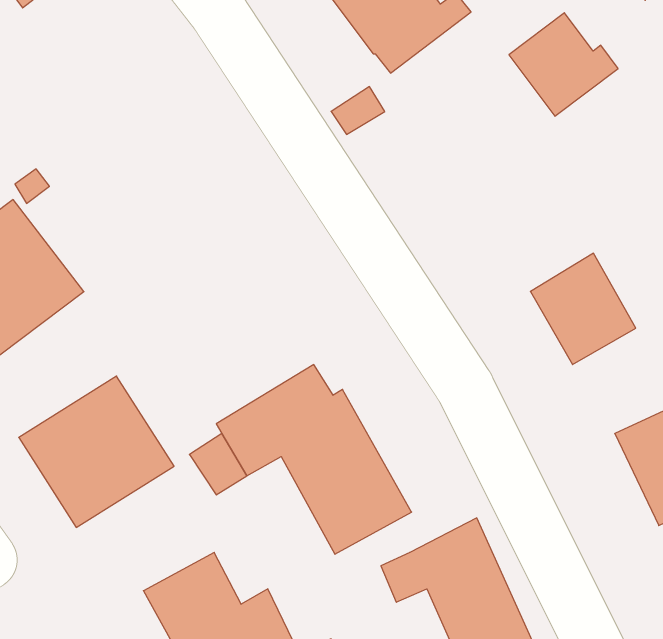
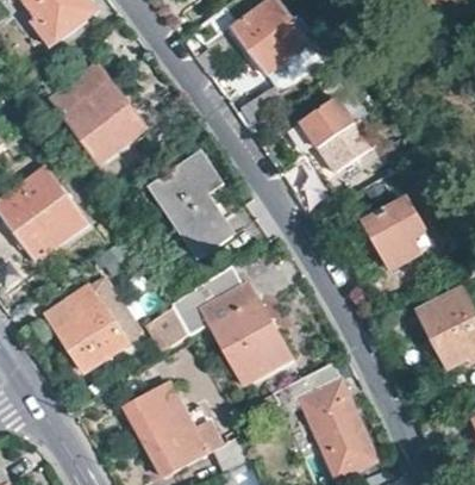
building: [509,13,618,116] -> [299,98,367,162]
building: none -> [49,64,143,161]
building: none -> [150,150,230,256]

